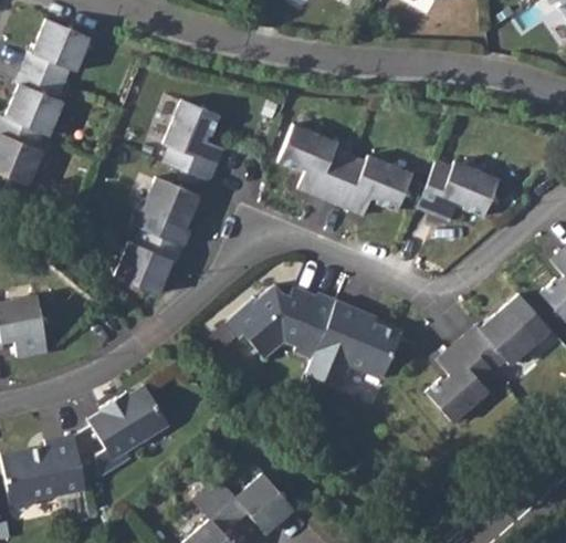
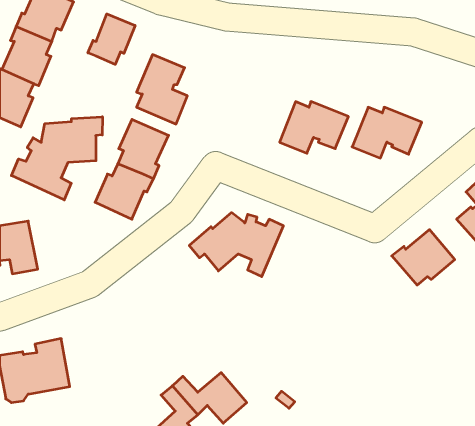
building: none -> [88,14,135,64]
building: [279,125,350,202] -> none
building: none -> [11,117,102,200]
building: [306,301,400,387] -> none
building: [426,336,497,422] -> none
building: [88,386,169,478] -> none

